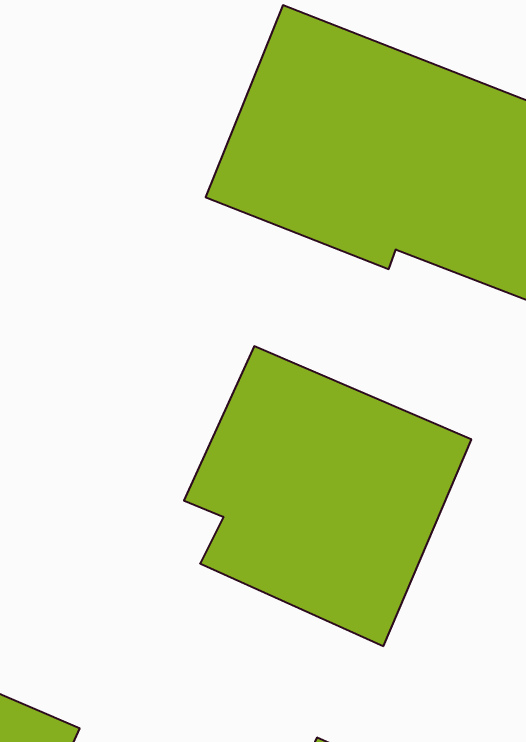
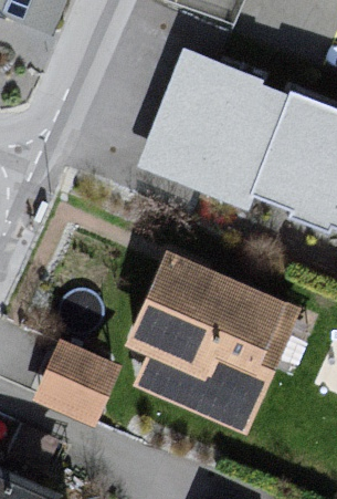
building: none -> [33,343,123,429]

